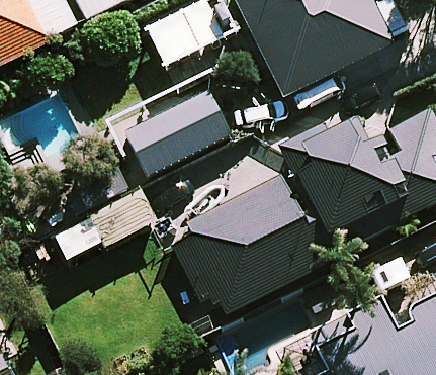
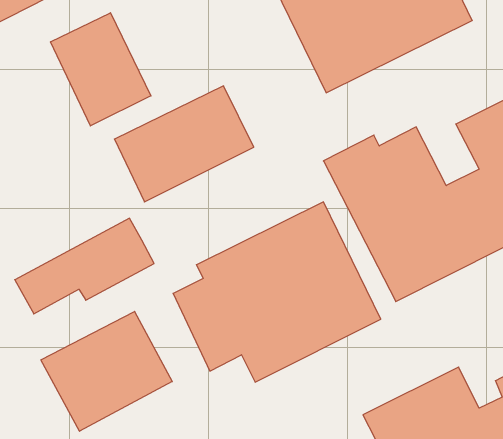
building: none -> [51,13,151,126]
building: none -> [41,311,172,431]

